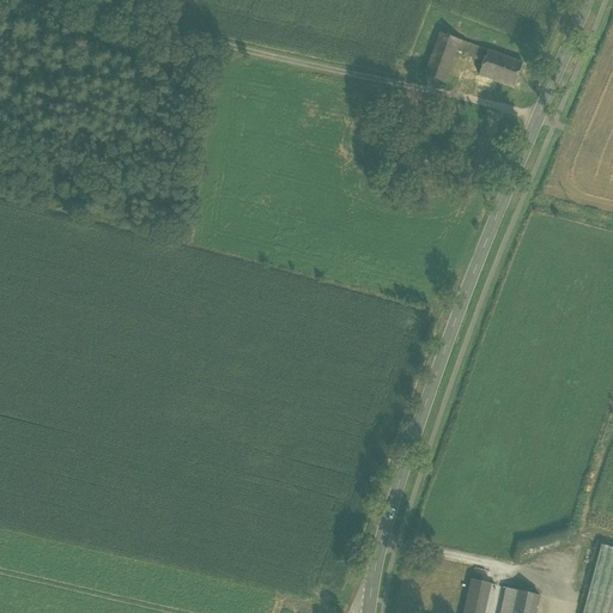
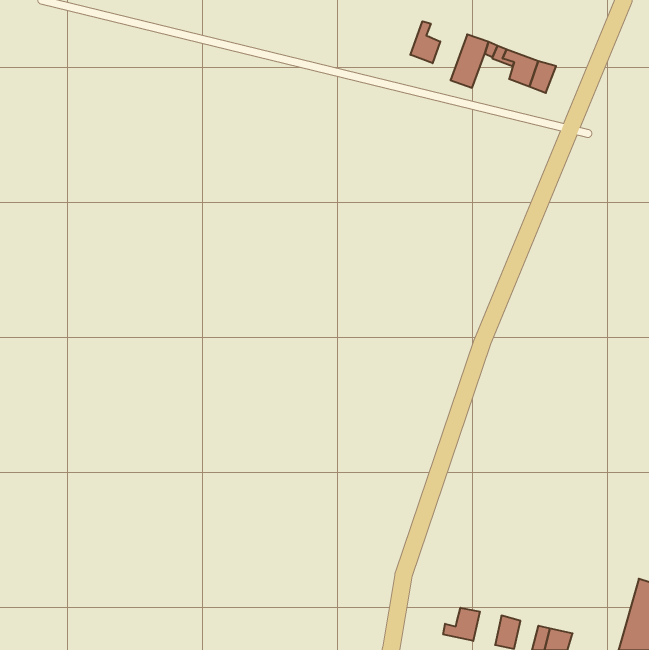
building: none -> [410,21,440,63]
building: none -> [443,608,480,641]

